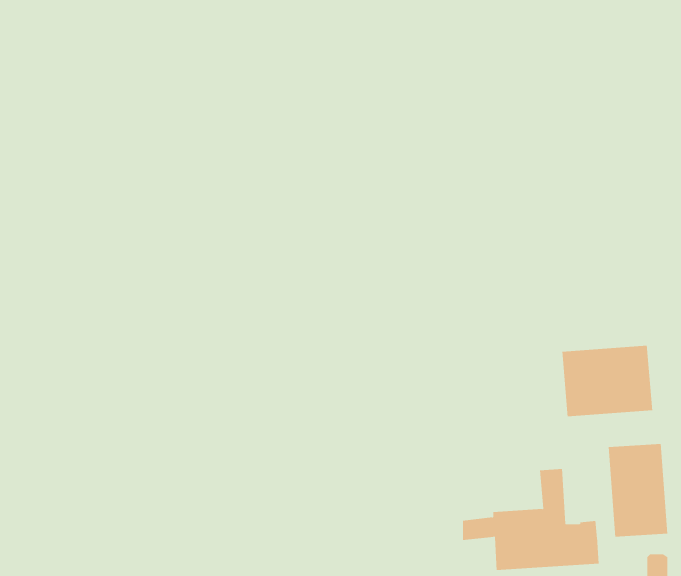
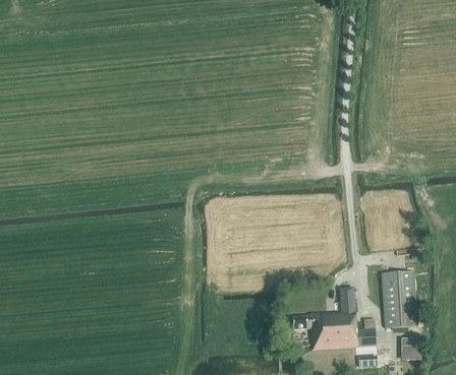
building: [562,345,653,417] -> none

